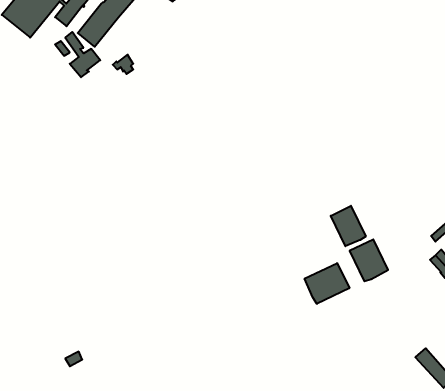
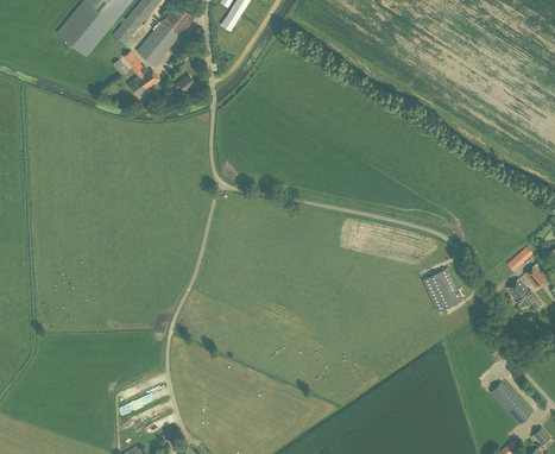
building: [331,206,366,246] -> none
building: [305,263,349,304] -> none

